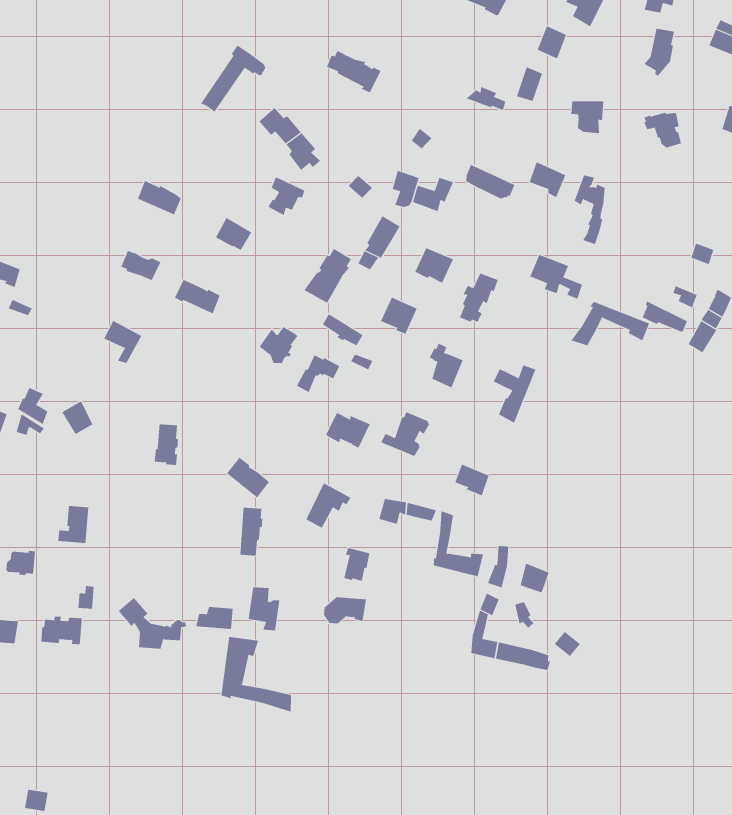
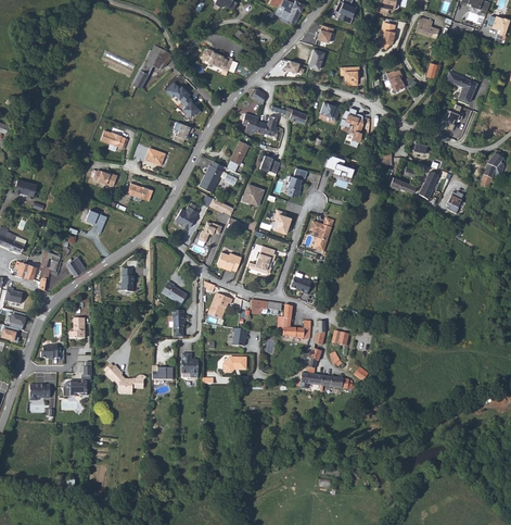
building: [571,301,650,346] -> none
building: [221,636,291,712] -> none

